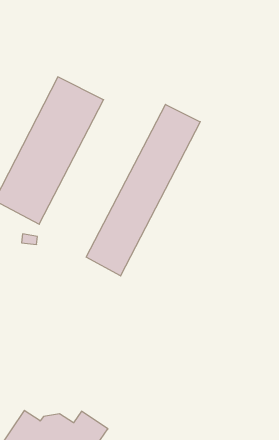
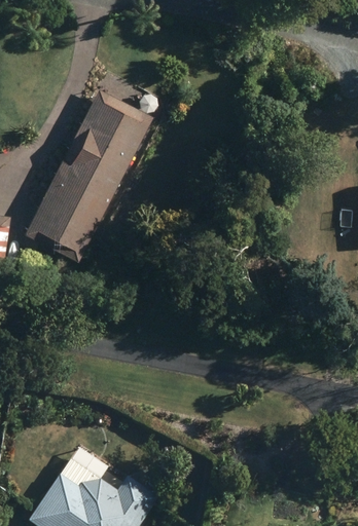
building: [86,104,200,276] -> none

